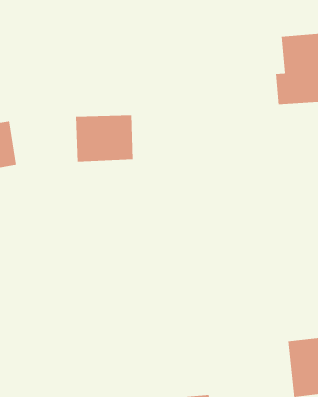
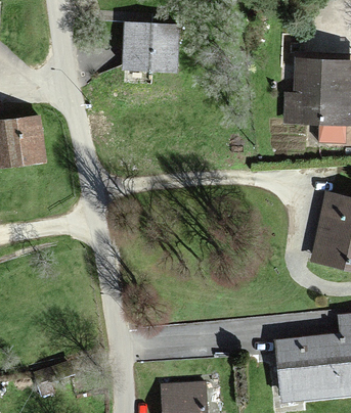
building: [75,115,134,162] -> [124,26,178,70]

